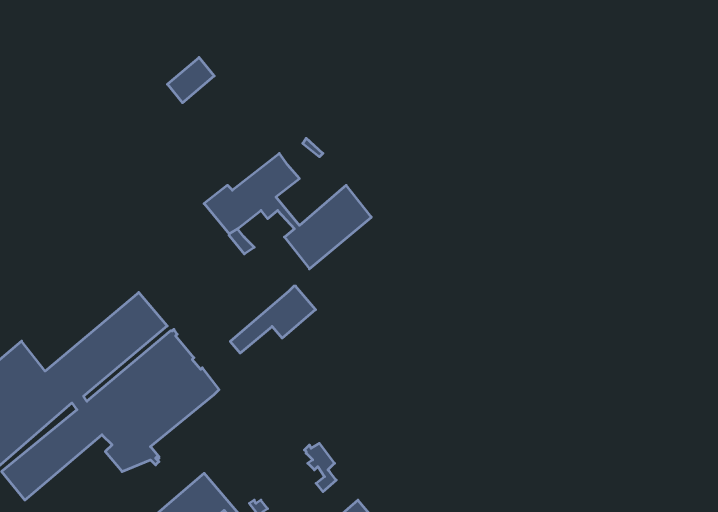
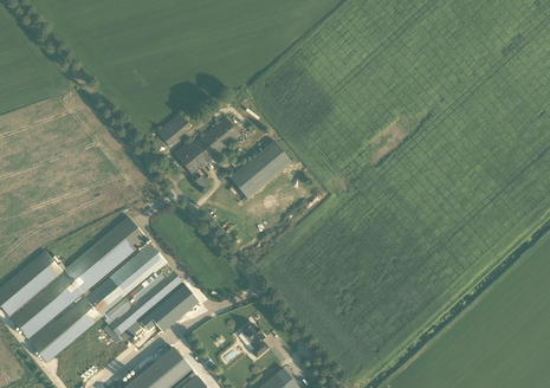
building: [167,57,214,103] -> [156,114,189,146]
building: [230,286,316,353] -> [138,285,199,332]

